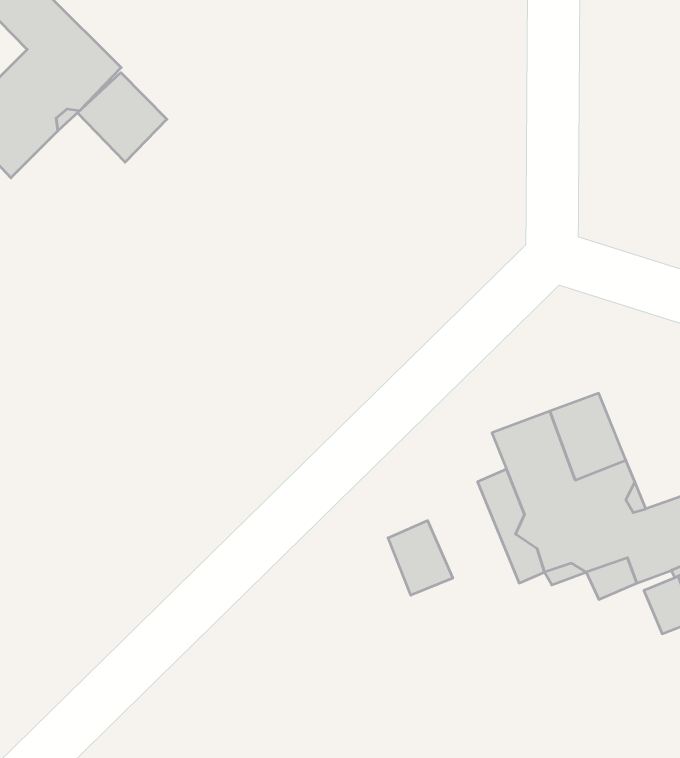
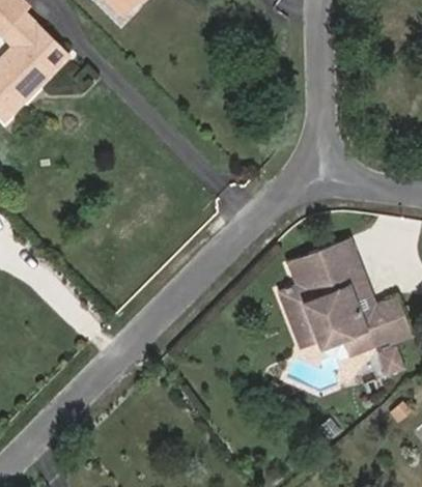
building: [78,73,167,162] -> none
building: [388,521,453,595] -> none

